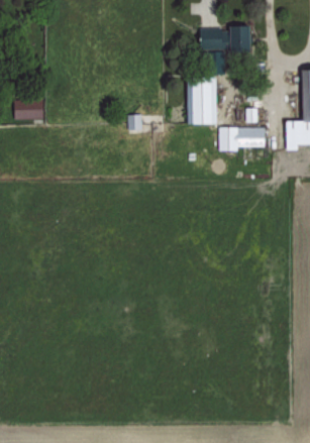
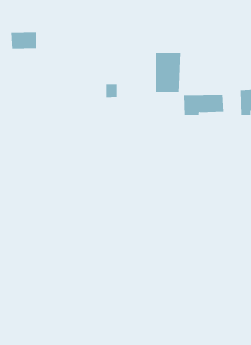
building: [199,25,249,50] -> none
building: [14,100,44,120] -> [11,32,37,49]

